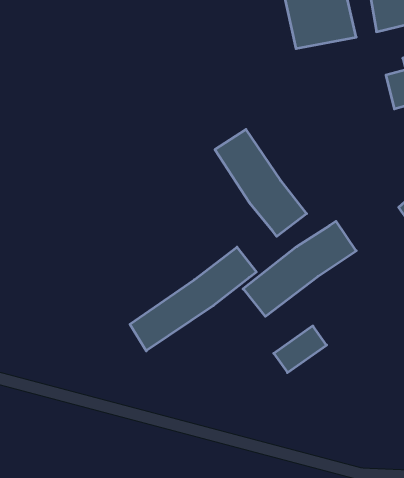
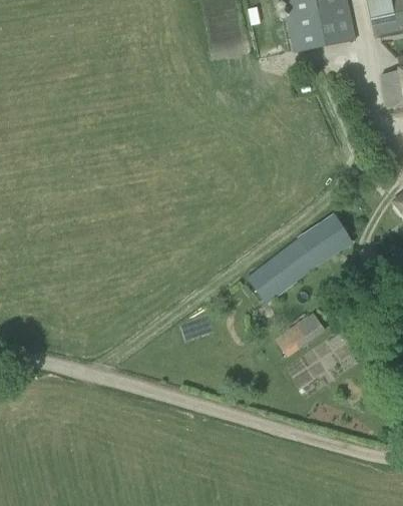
building: [215,129,307,236] -> none
building: [130,247,256,351] -> none

